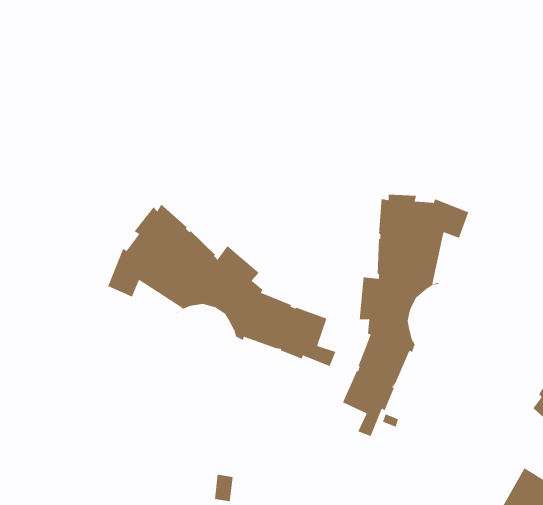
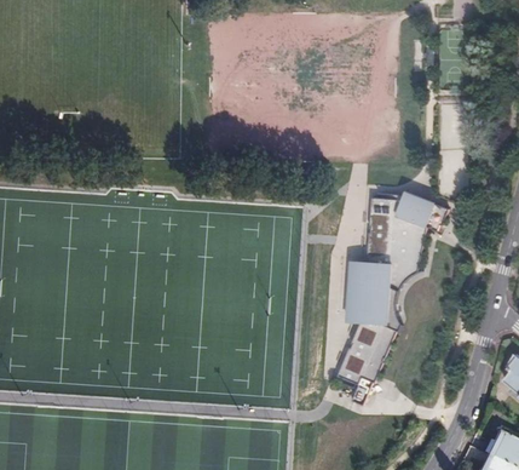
building: [107,204,336,367] -> none

